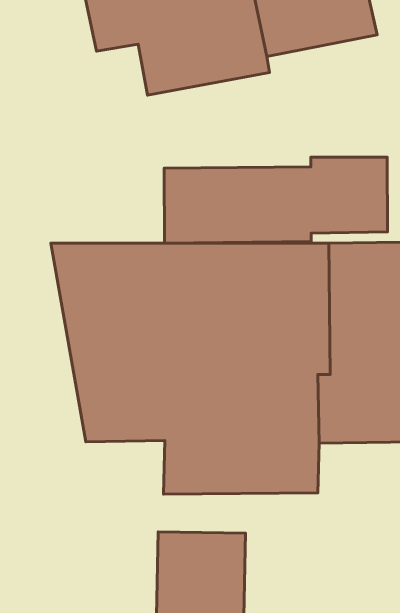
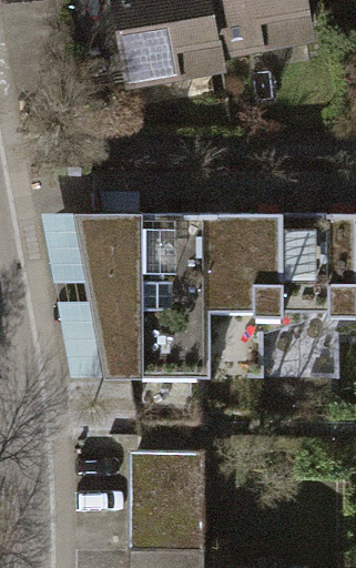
building: [164,157,387,243] -> none

